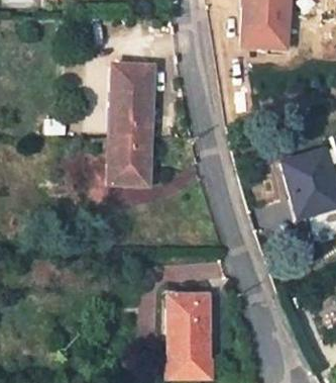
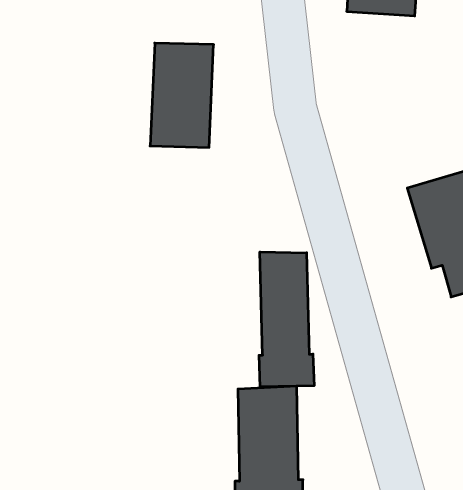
building: [109,133,149,183] -> none
building: none -> [259,252,314,387]

